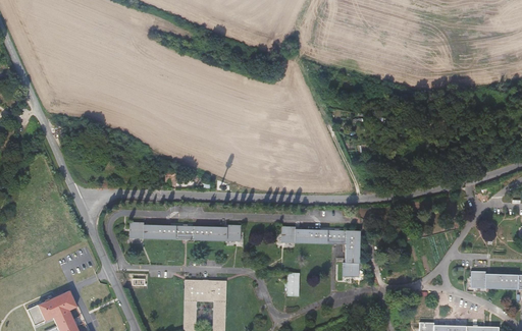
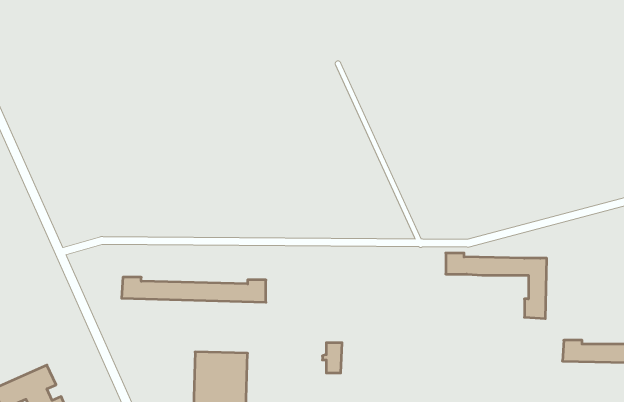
building: [281,226,360,277] -> [446,253,547,319]

